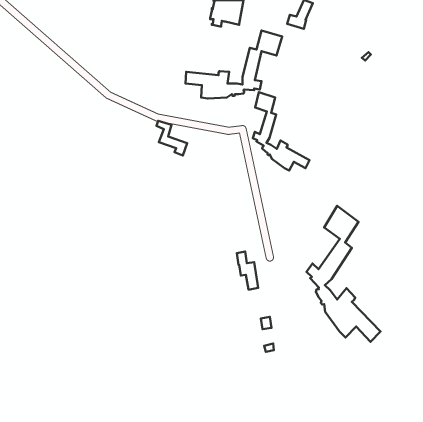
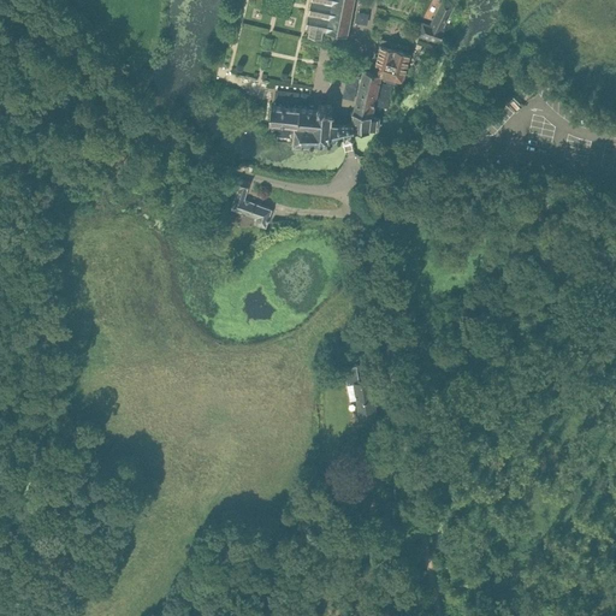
building: [253,92,310,171] -> none
building: [306,206,381,342] -> none

